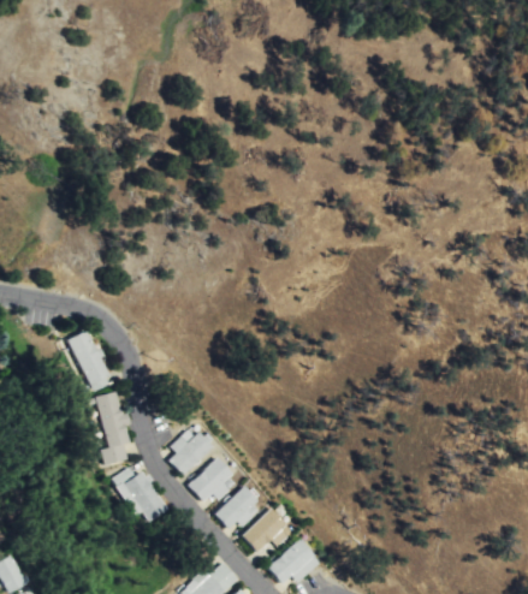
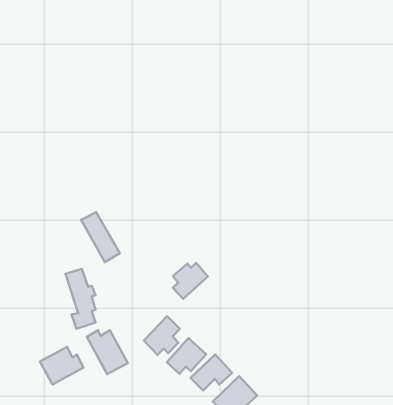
building: [67,329,112,392] -> [81,212,120,262]
building: [168,430,213,474] -> [173,263,208,299]
building: none -> [40,347,83,384]

